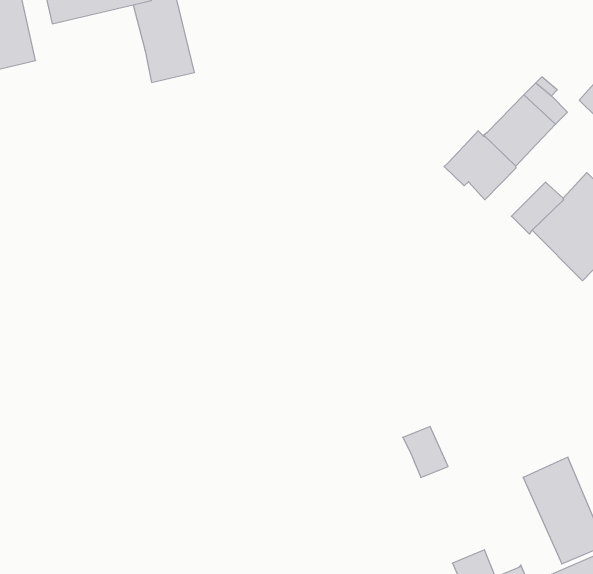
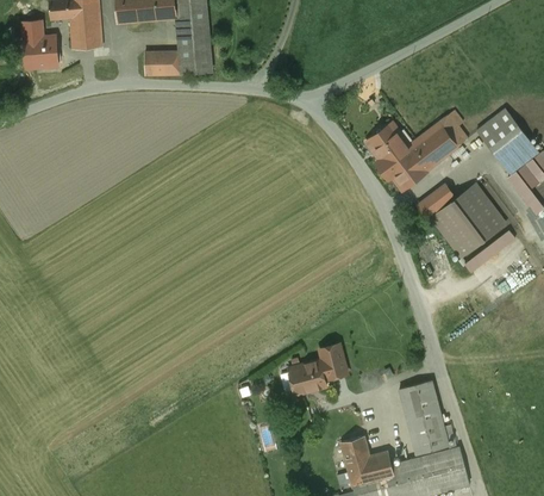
building: none -> [144,51,180,74]
building: none -> [364,123,408,161]
building: none -> [287,359,326,393]

